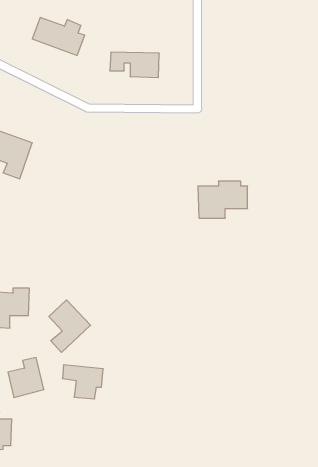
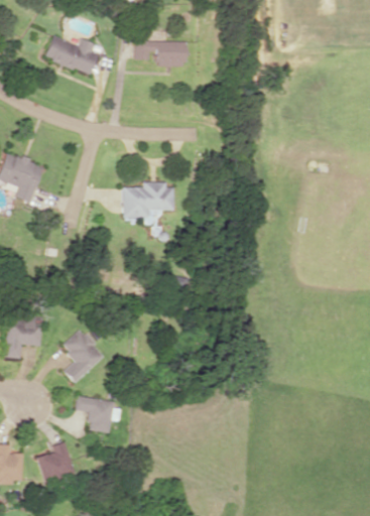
building: [110,52,159,78] -> [134,40,186,67]
building: [198,181,248,218] -> [122,181,173,220]
building: [8,358,44,397] -> [37,441,75,483]

